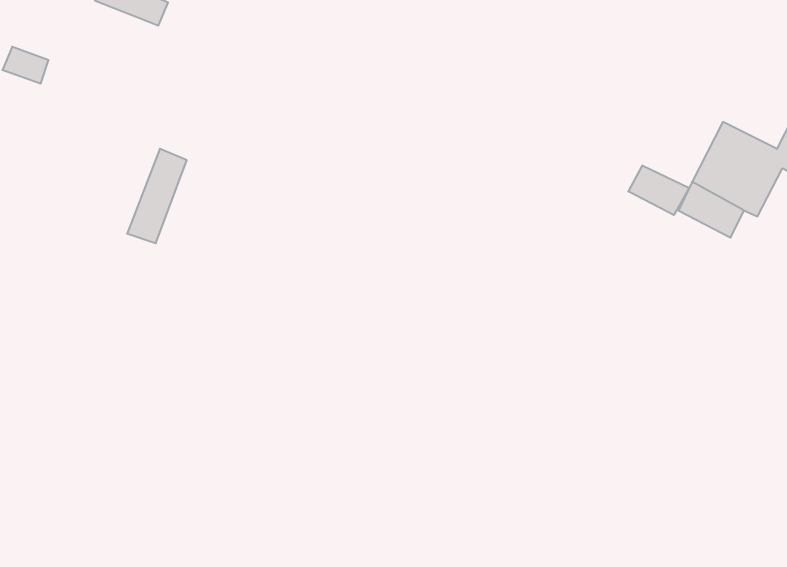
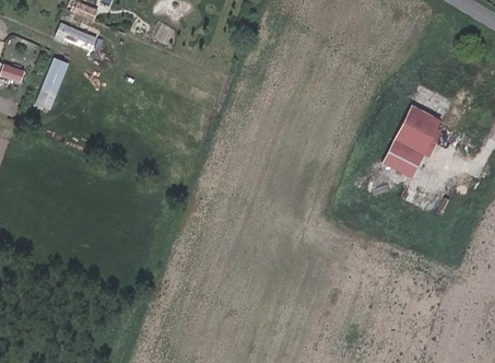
building: [127,149,187,243] -> [37,56,71,109]
building: [628,165,689,215] -> none

